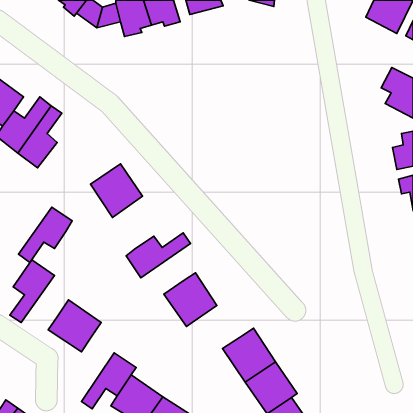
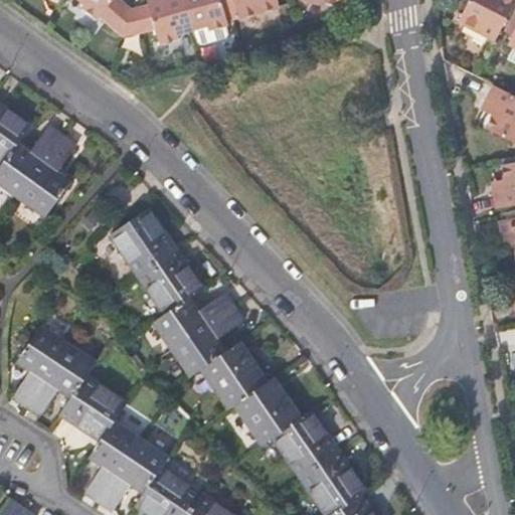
building: none -> [139,246,203,312]
building: [19,207,72,262] -> [26,344,93,412]
building: none -> [174,305,244,373]
building: none -> [237,377,303,443]
building: none -> [87,420,141,500]

